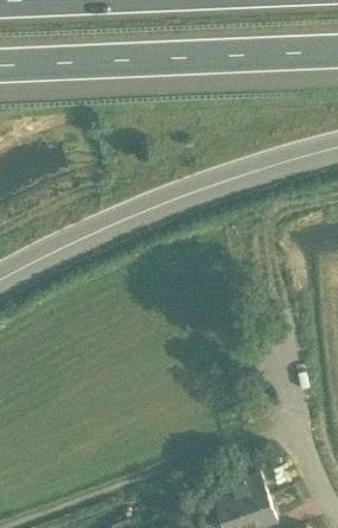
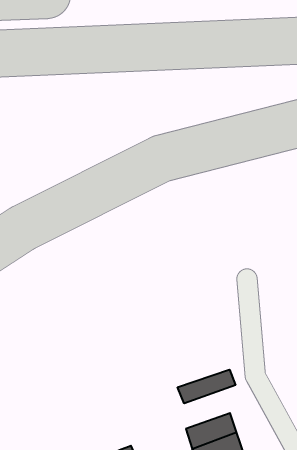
building: none -> [178,370,235,403]

